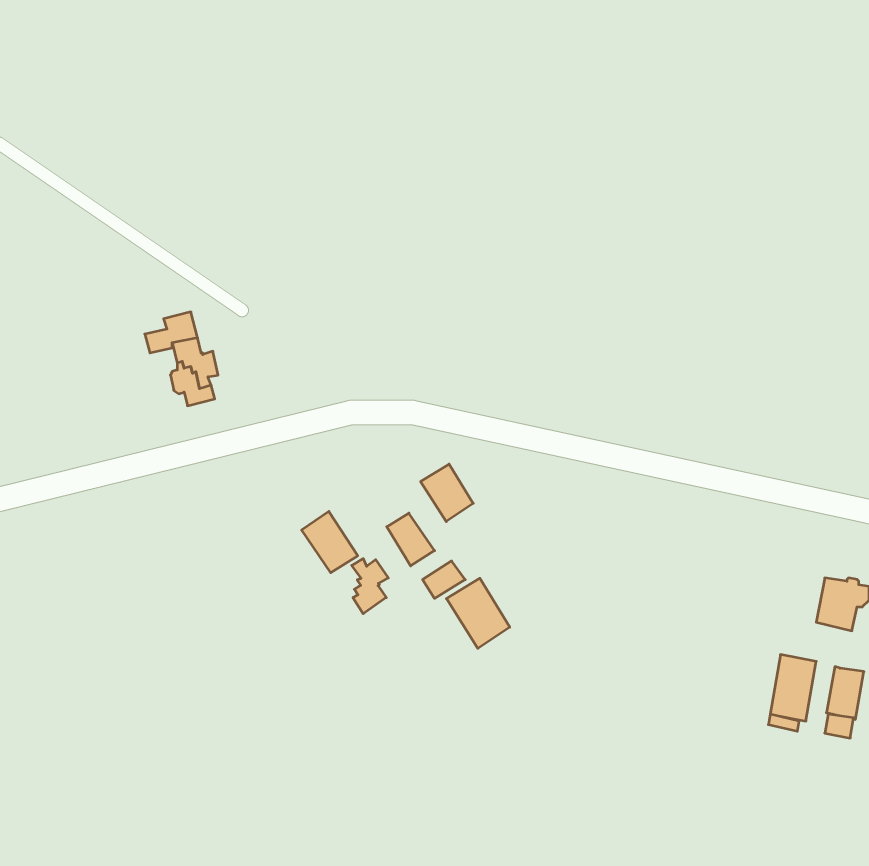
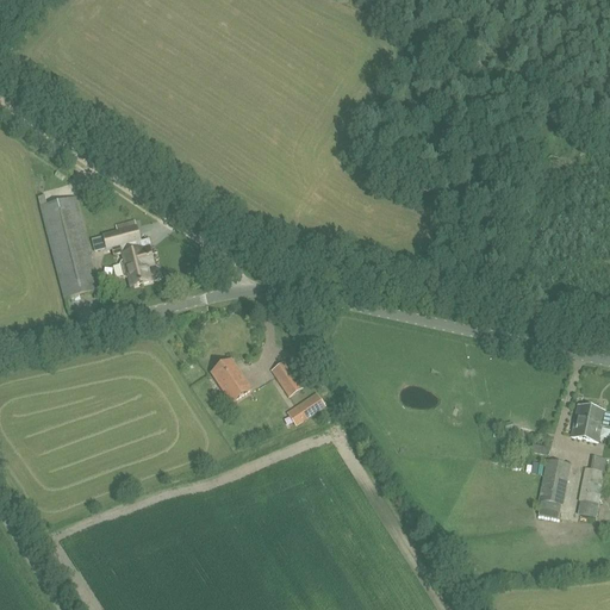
building: none -> [38,194,99,297]
building: [421,464,473,522] -> none
building: [352,559,388,614] -> none
building: [446,578,510,648] -> none

